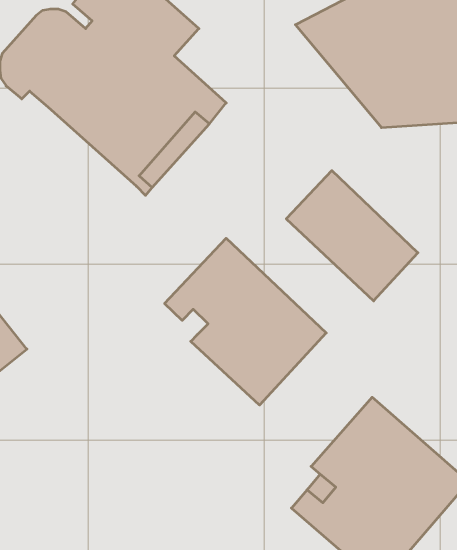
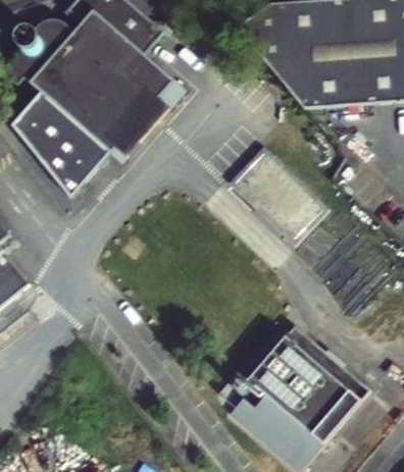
building: none -> [12,93,110,200]
building: [165,238,326,405] -> none

